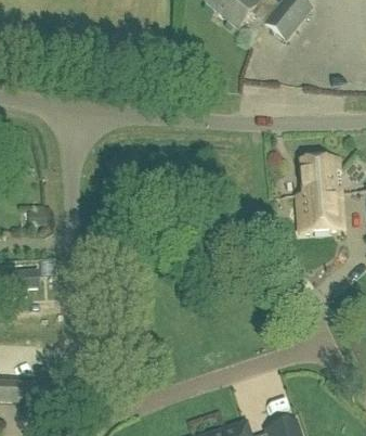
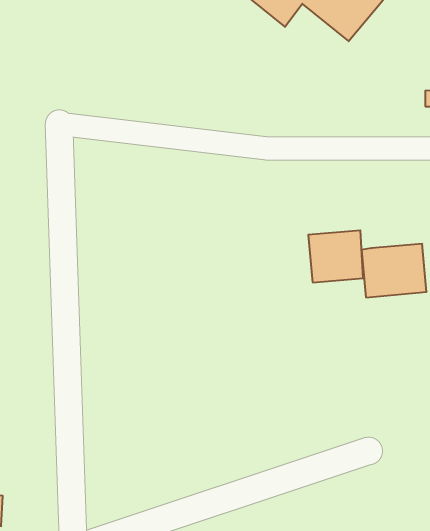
building: [299,154,340,193] -> [308,230,363,282]

